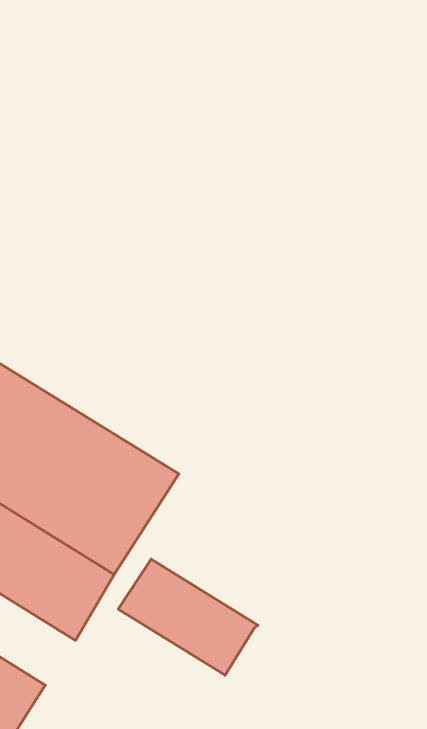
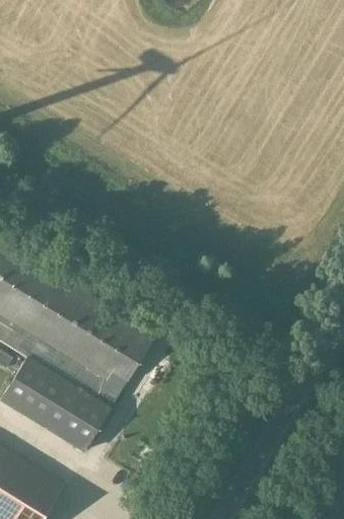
building: [118,559,258,675] -> none

